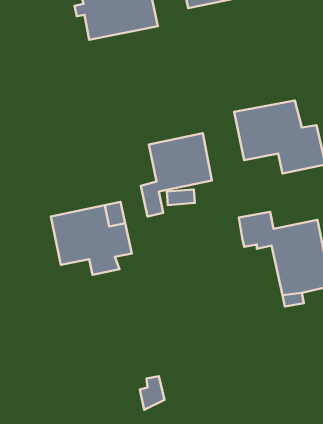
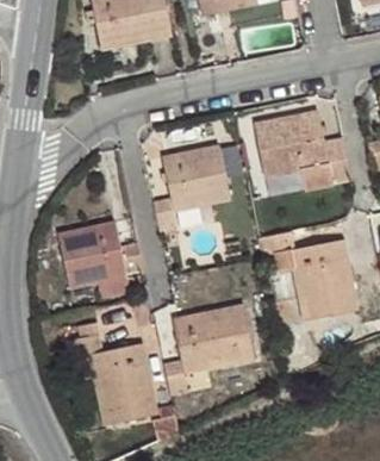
building: none -> [166,306,255,394]
building: none -> [67,322,157,423]

